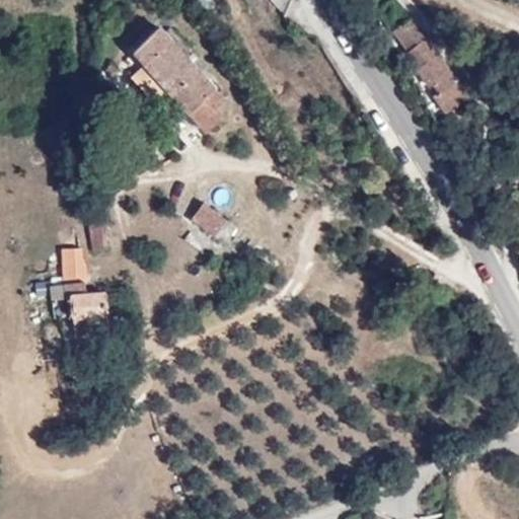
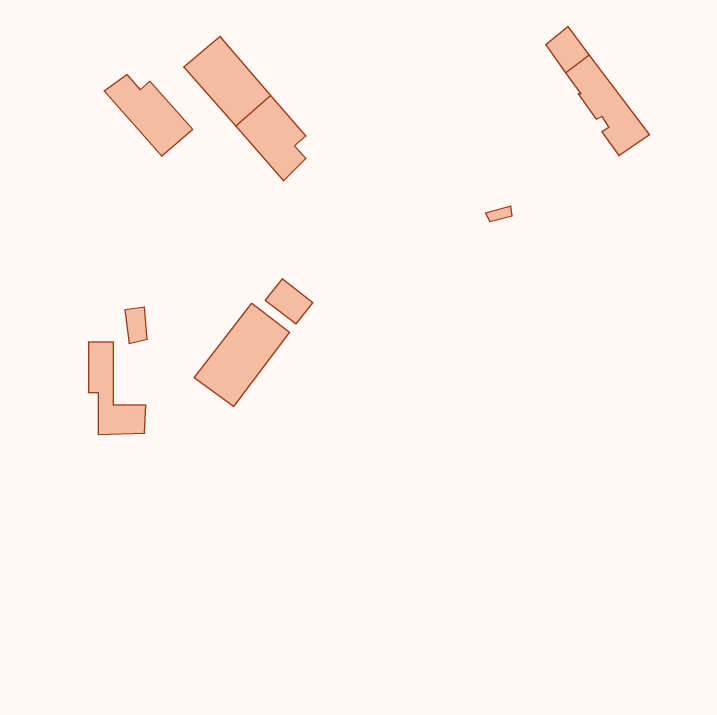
building: none -> [104,75,193,156]
building: none -> [194,303,290,407]

